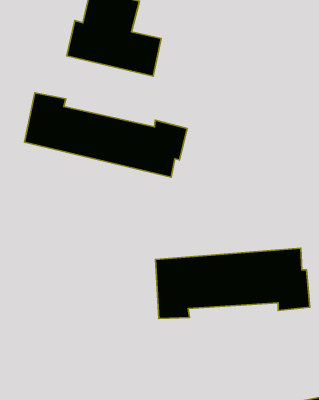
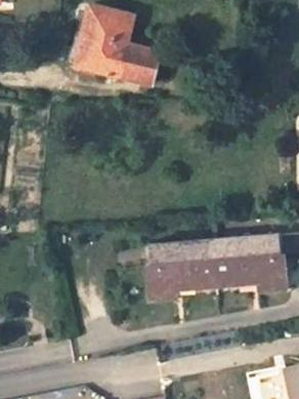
building: [24,93,187,177] -> none

